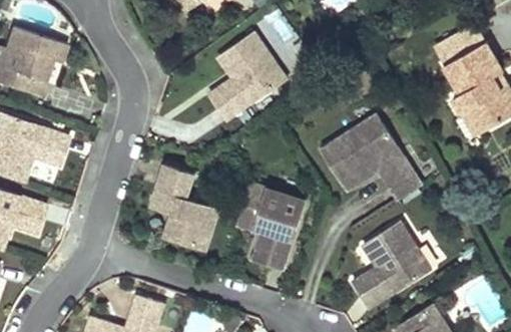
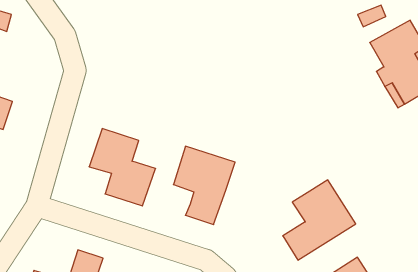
building: [206,35,284,121] -> none
building: [326,112,422,198] -> none

